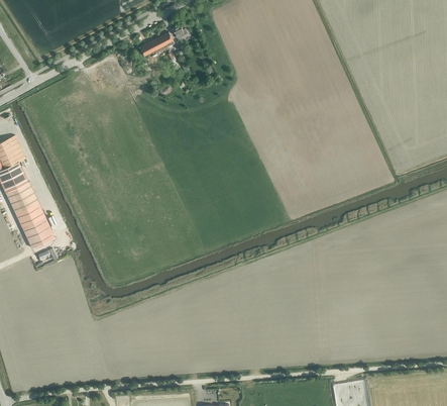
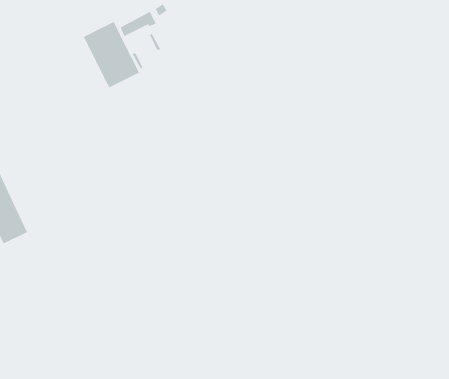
building: none -> [83,21,140,88]

